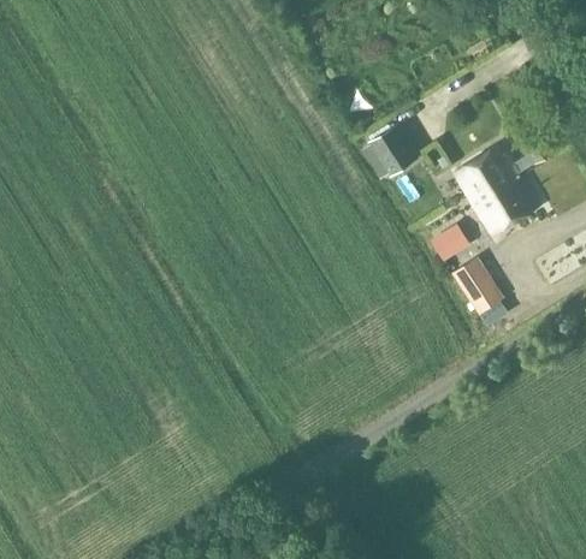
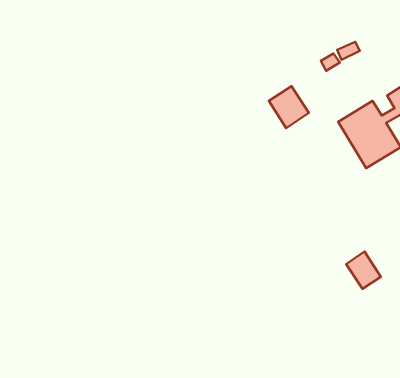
building: [431,222,469,261] -> none
building: [457,264,503,314] -> [346,251,381,289]

